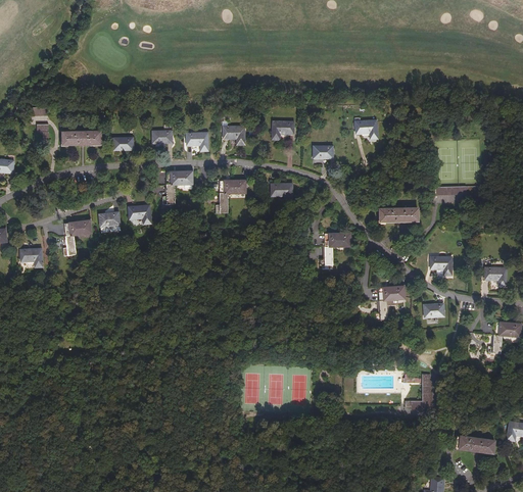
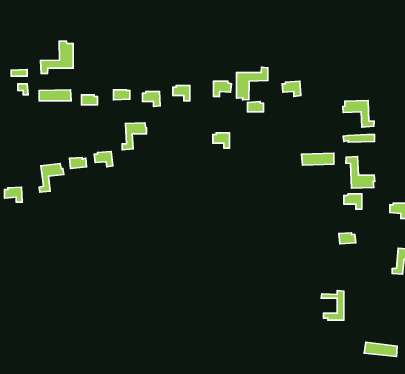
building: none -> [41,41,73,74]
building: none -> [236,67,268,100]
building: none -> [343,100,374,127]
building: [216,180,246,211] -> none
building: none -> [346,157,375,188]
building: [320,233,350,264] -> none
building: [375,286,405,318] -> none

